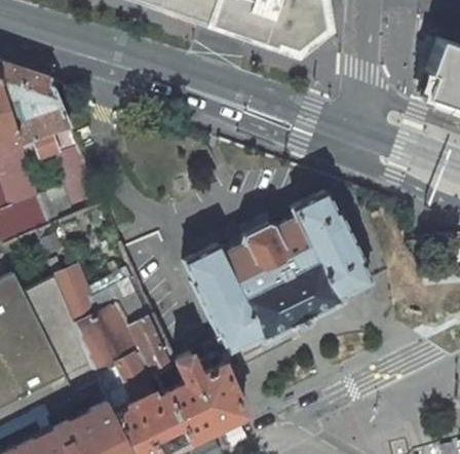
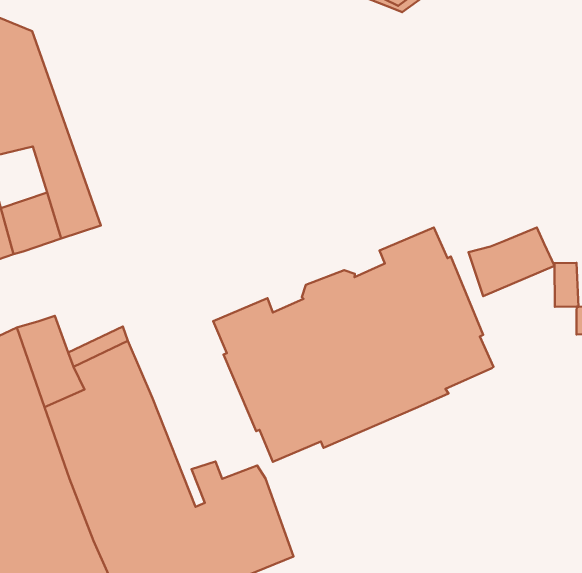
building: none -> [468,228,555,296]

